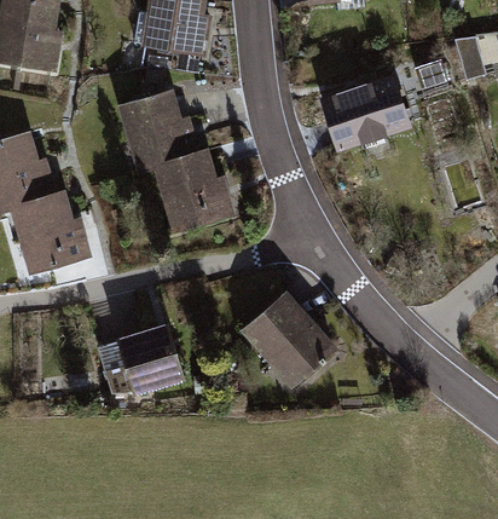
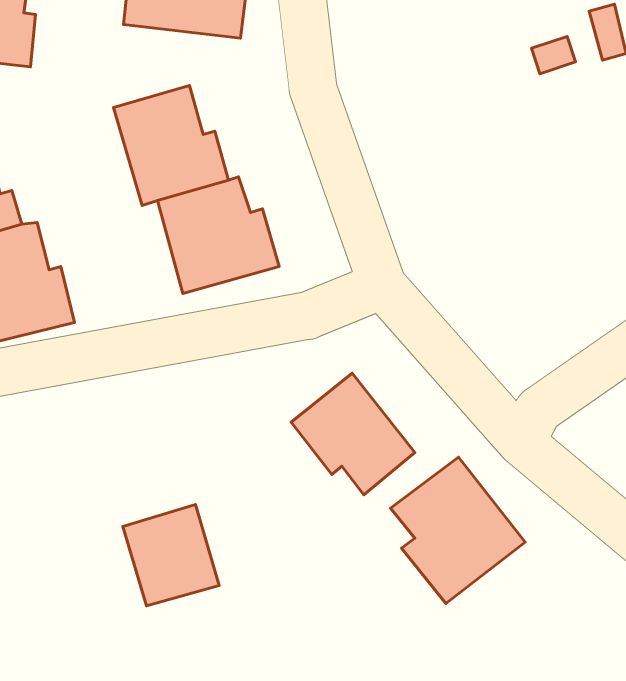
building: [320,65,412,143] -> none
building: [116,319,185,392] -> [123,504,219,606]
building: none -> [391,457,525,603]

